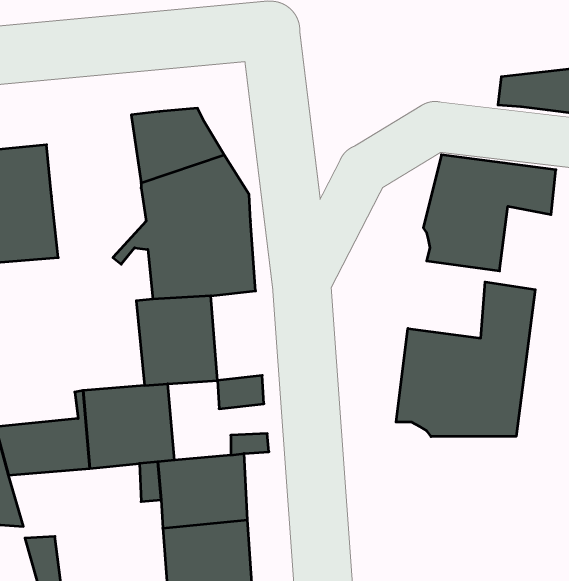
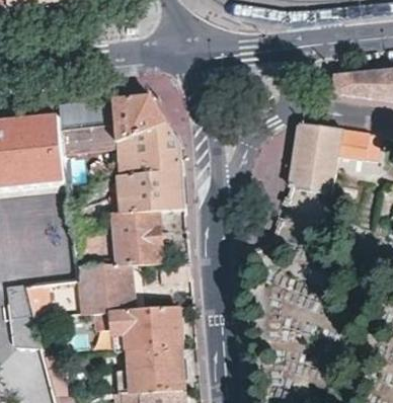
building: none -> [55,97,113,147]
building: [396,282,535,437] -> none

